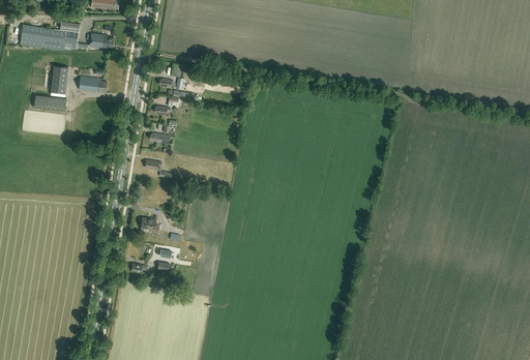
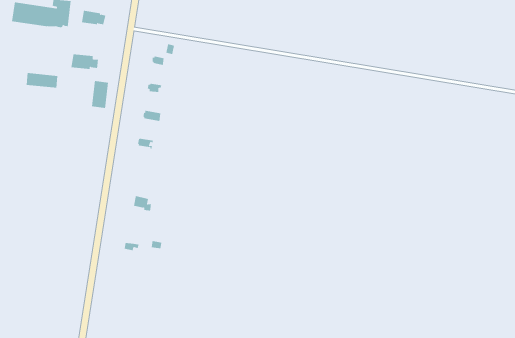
building: [51,64,68,92] -> [91,81,109,109]

